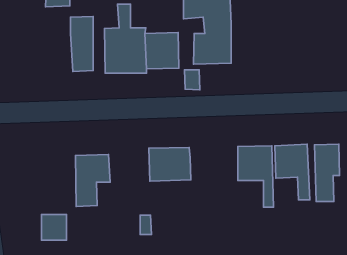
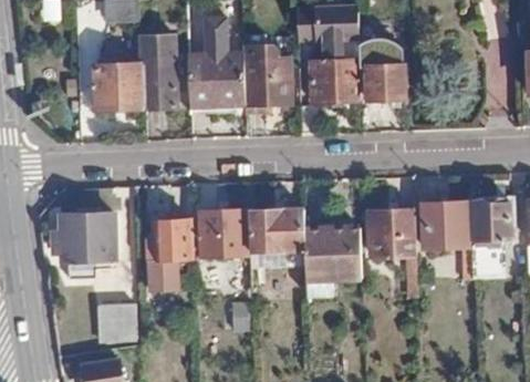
building: none -> [361,38,404,100]
building: none -> [94,55,144,107]
building: none -> [200,213,245,260]
building: none -> [50,220,115,271]
building: none -> [304,225,362,271]

